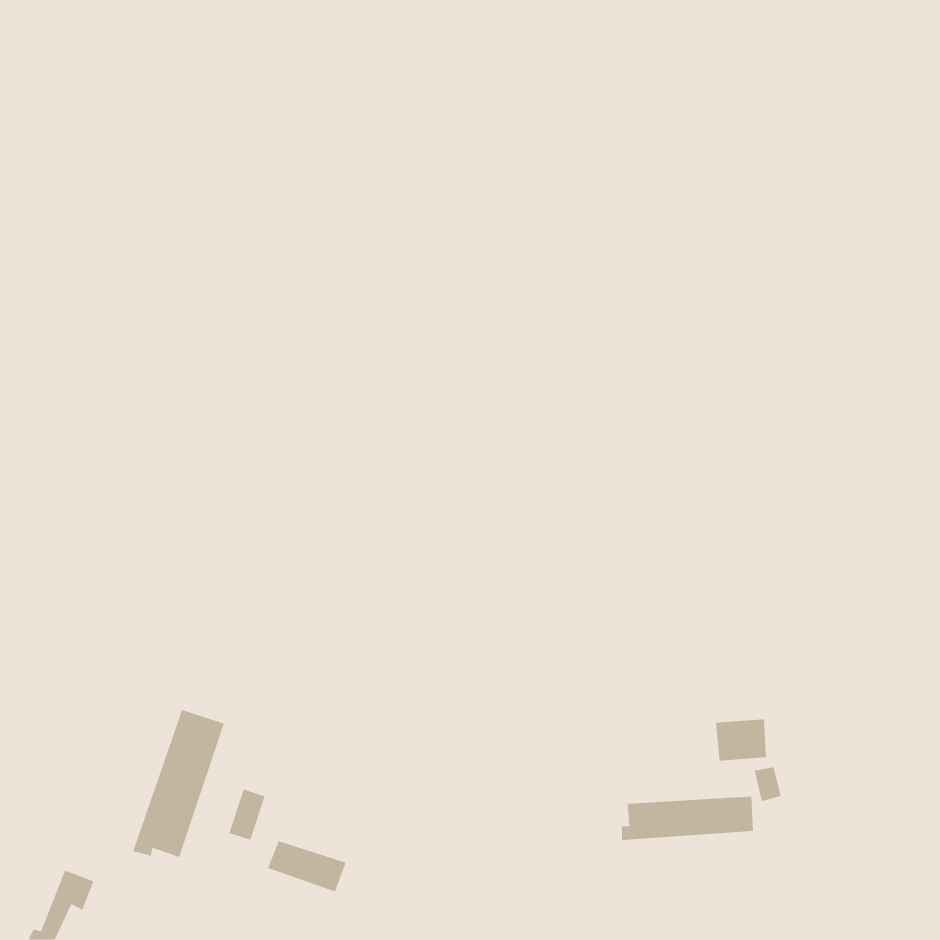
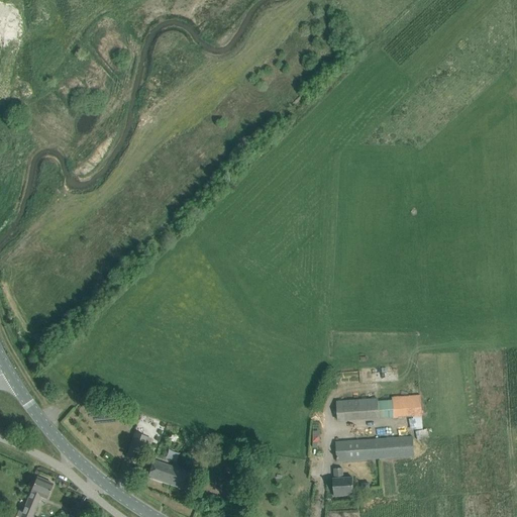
building: [133,709,224,858] -> none
building: none -> [336,398,389,420]
building: none -> [332,468,352,496]

